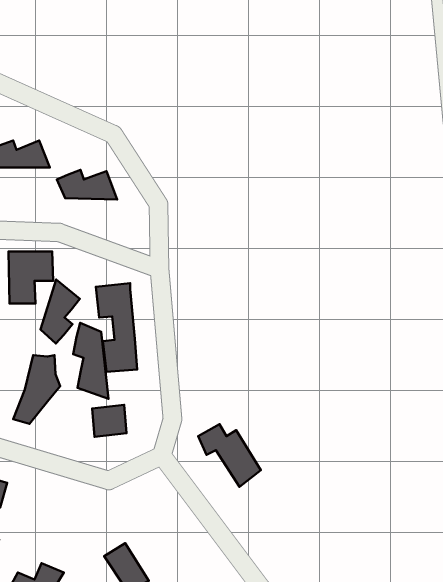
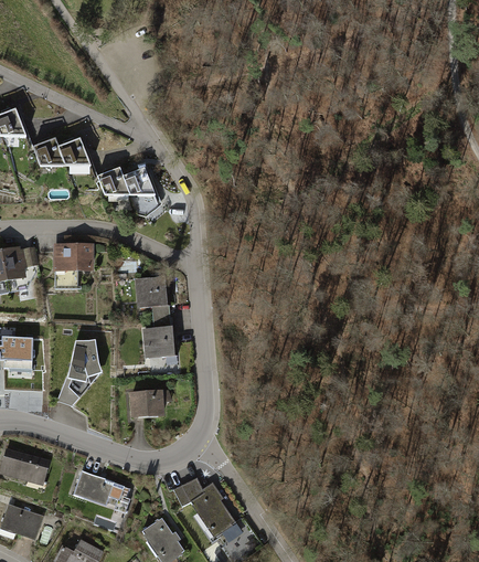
building: [40,280,80,344] -> none
building: [73,323,109,399] -> none
building: [198,424,261,487] -> [173,477,232,536]
building: none -> [73,470,131,510]

